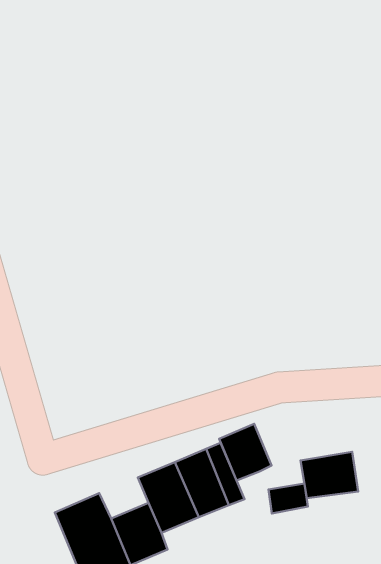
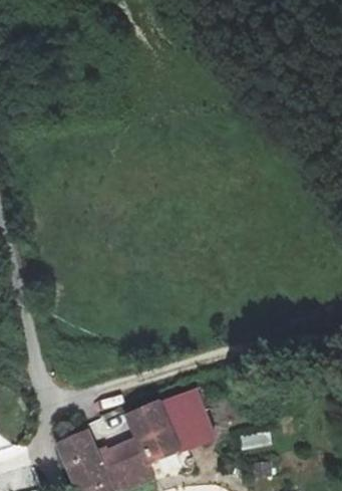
building: [219,424,271,480] -> none
building: [300,452,358,498] -> none

